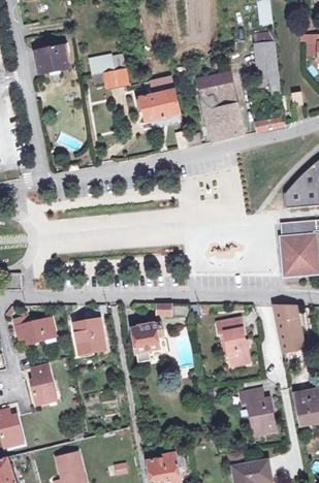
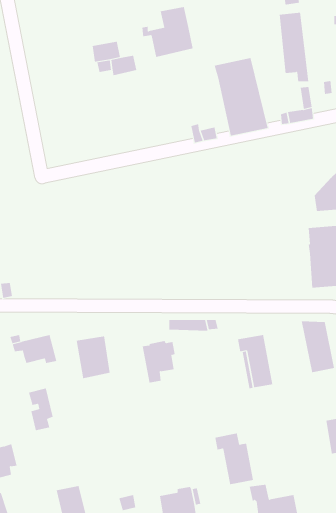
building: [35,45,69,72] -> none
building: [132,75,179,121] -> [141,7,194,58]
building: [241,387,276,433] -> [214,433,254,485]

